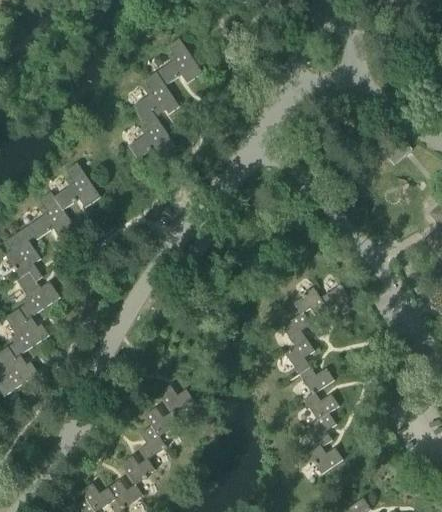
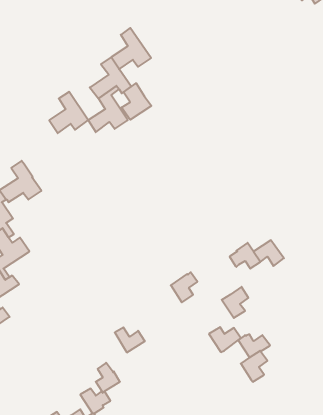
building: none -> [121,83,151,120]
building: [55,163,100,211] -> [49,92,88,133]
building: [281,312,312,347] -> [171,272,197,302]
building: [298,366,335,395] -> [209,327,241,352]
building: [143,407,180,437] -> none
building: [308,446,344,473] -> none

